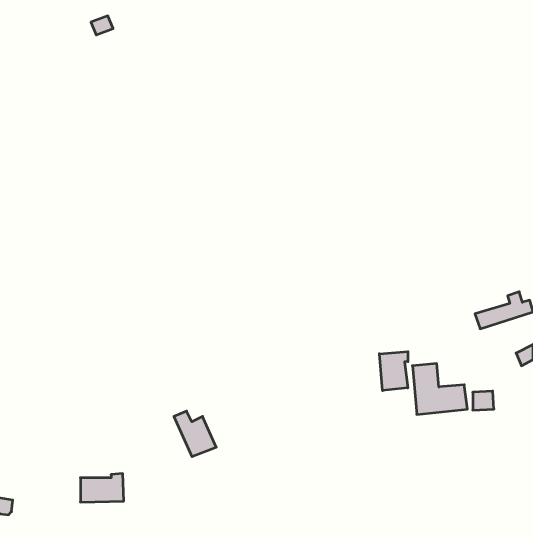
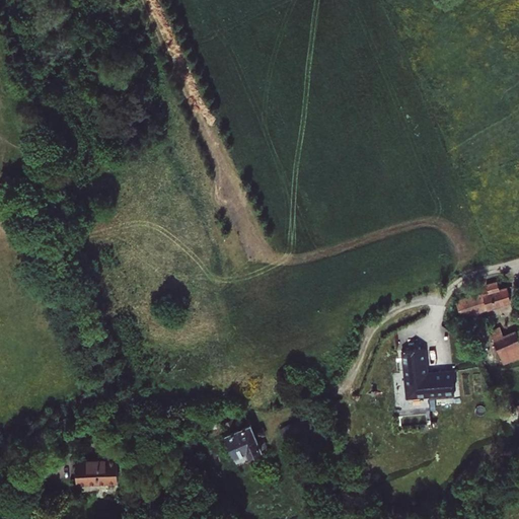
building: [379,352,408,391] -> none
building: [174,411,216,457] -> [220,418,261,461]

